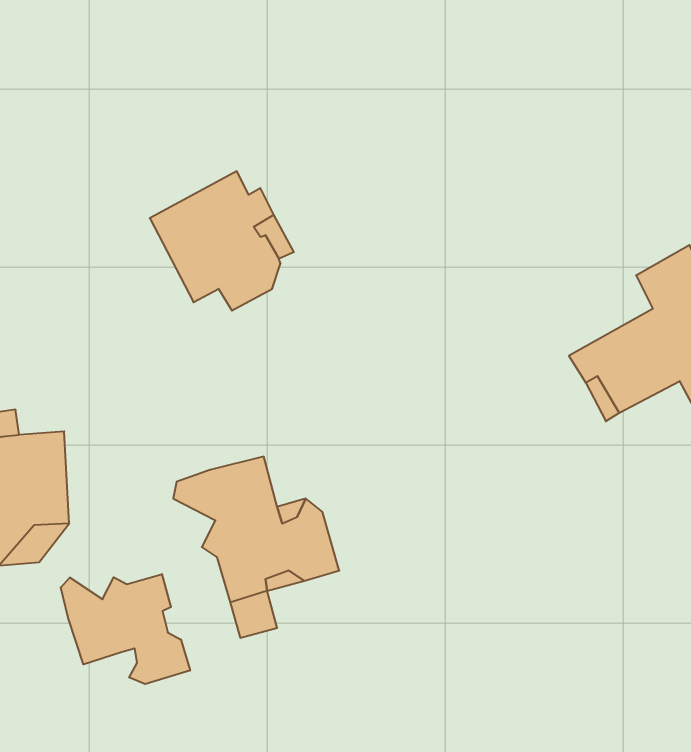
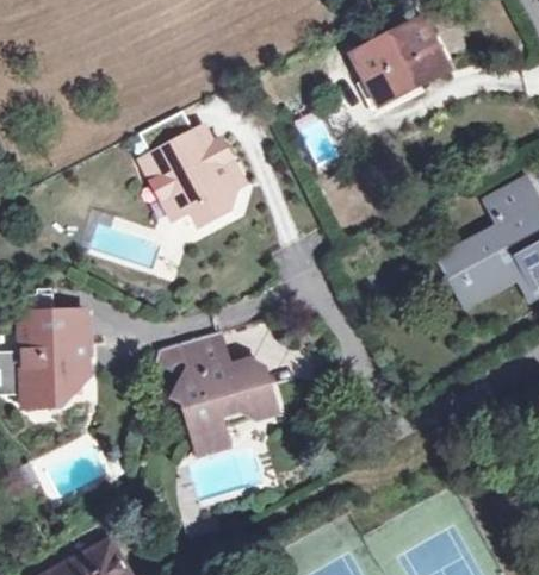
building: none -> [352,21,445,106]
building: [61,574,190,684] -> none

